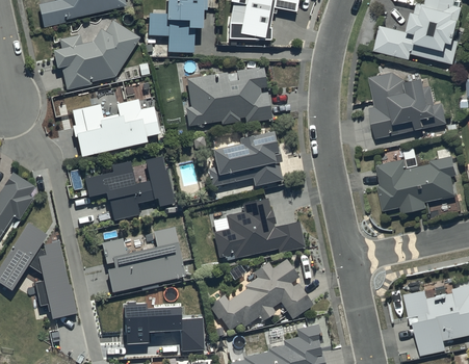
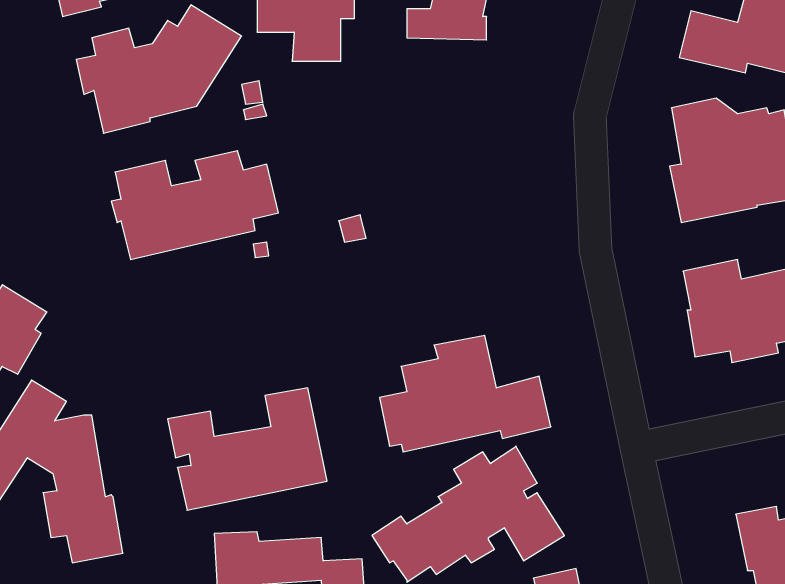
building: [185,68,271,126] -> none
building: [204,130,281,187] -> none
building: [86,156,176,220] -> none

